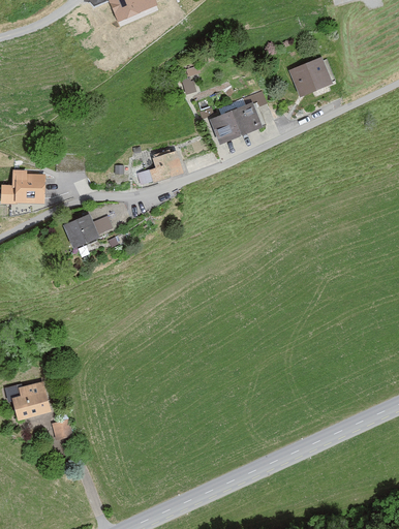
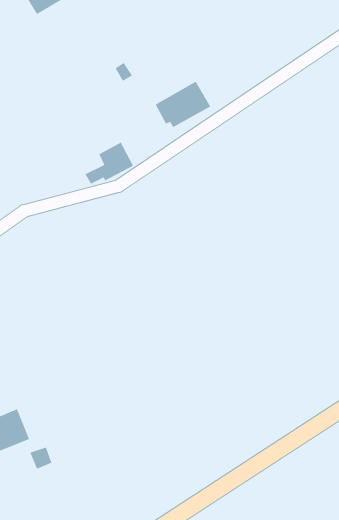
building: [288,55,332,97] -> none
building: [62,214,110,250] -> none

